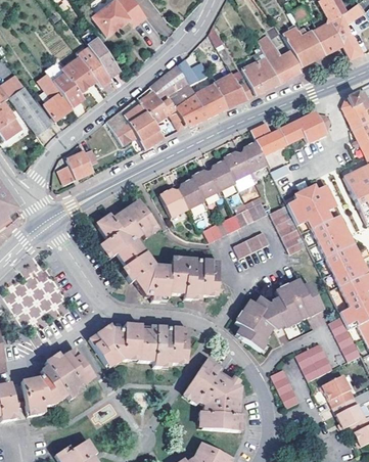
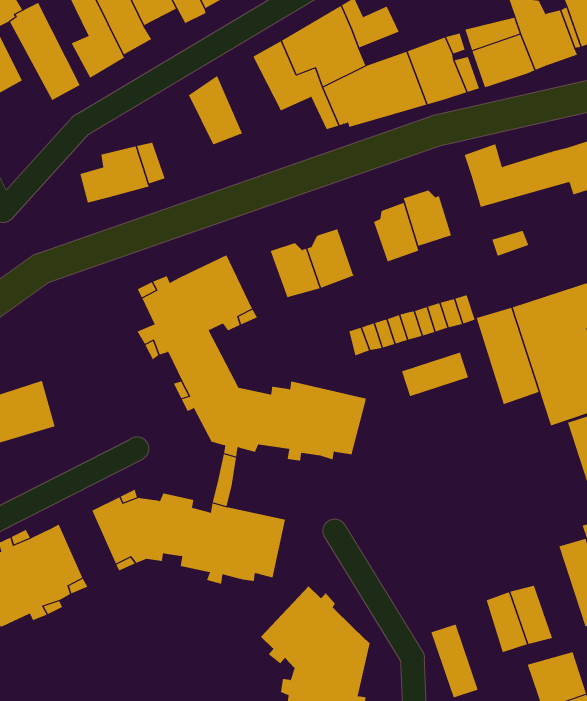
building: [120,97,165,149] -> none
building: [241,141,267,173] -> none
building: [191,170,220,199] -> none
building: [233,278,322,350] -> none

